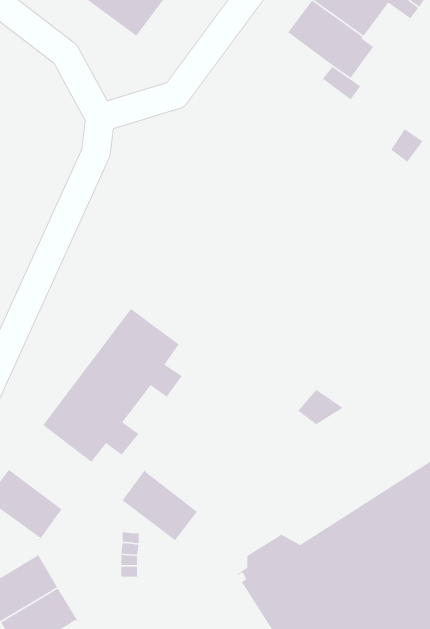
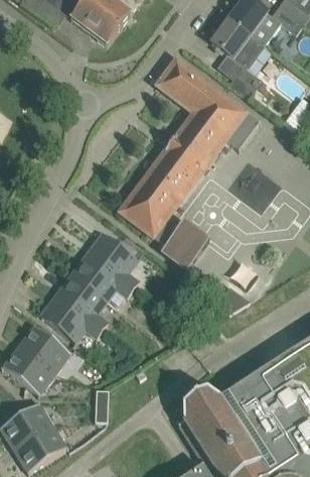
building: none -> [119,57,259,268]
building: [121,469,200,541] -> [17,322,71,372]

